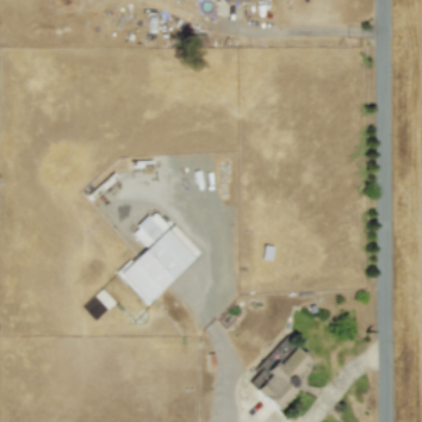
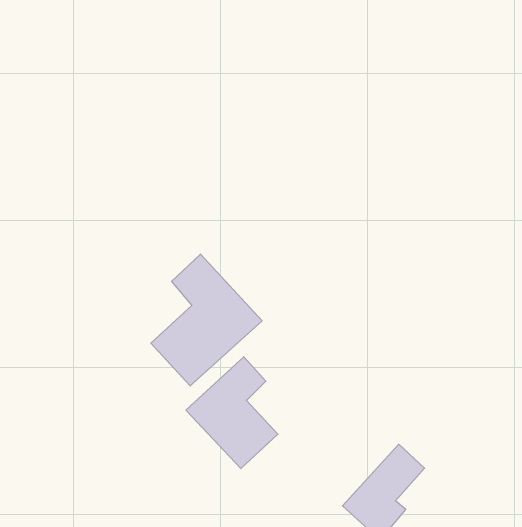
building: none -> [186,357,278,469]

